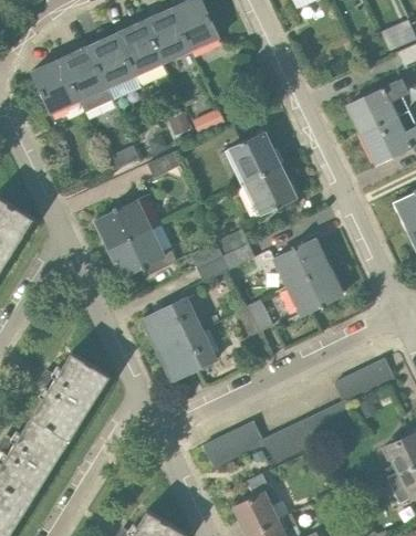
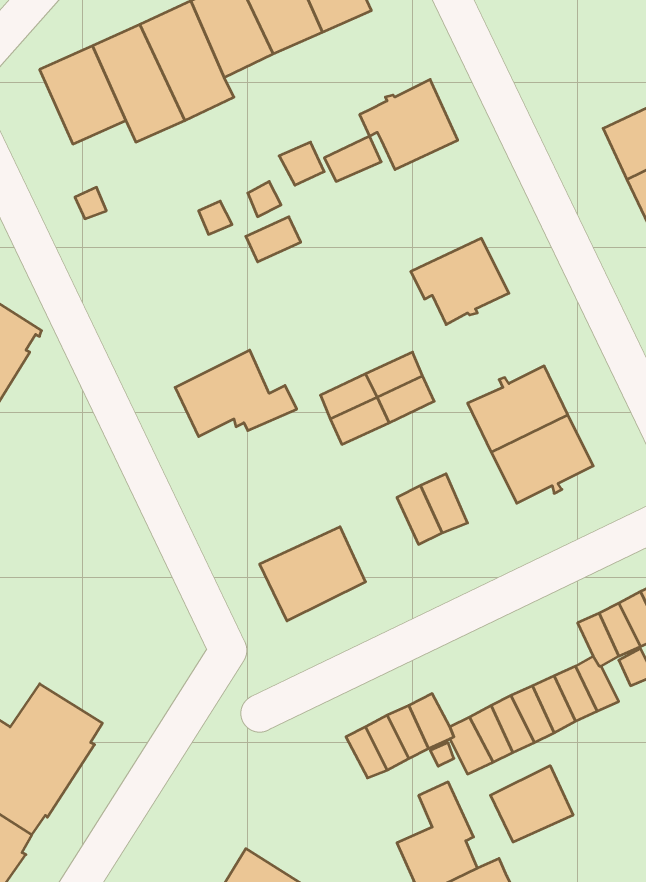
building: [226,132,281,182] -> [360,79,458,170]
building: [95,200,150,250] -> none
building: [142,297,201,349] -> none
building: [32,353,110,439] -> none
building: none -> [490,766,573,842]

